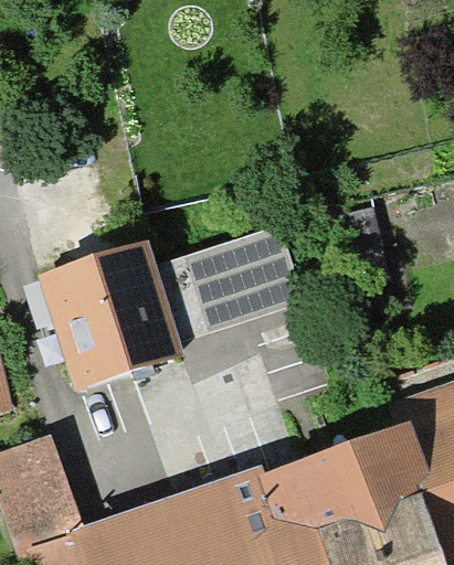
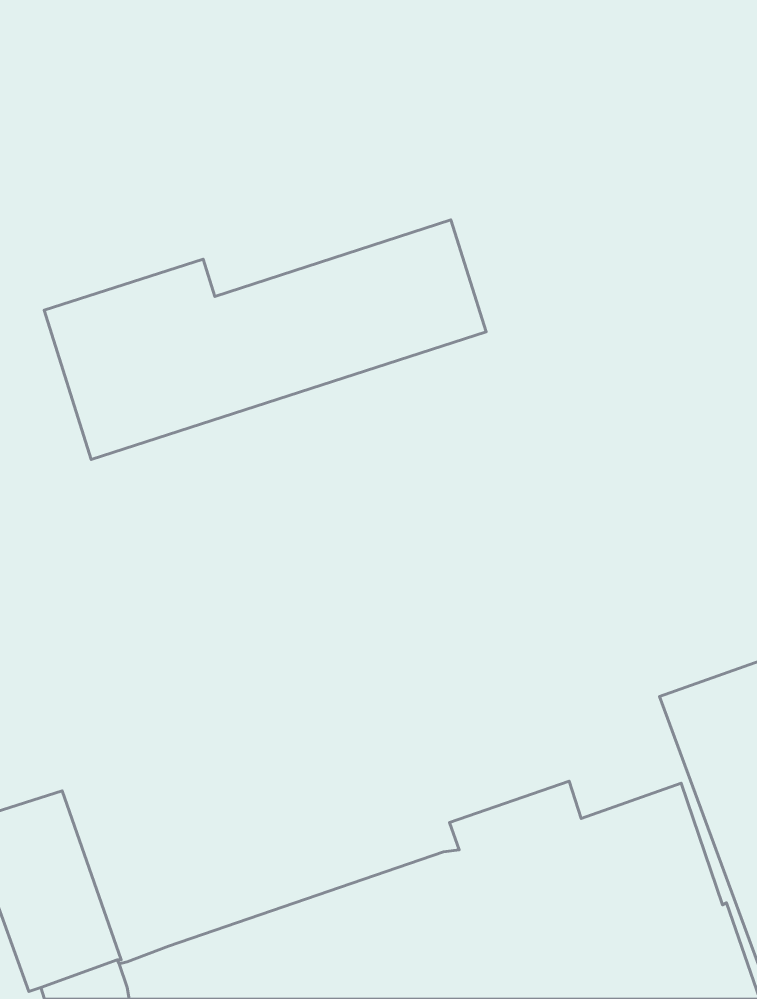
building: [49,236,297,371] -> [44,220,486,460]

